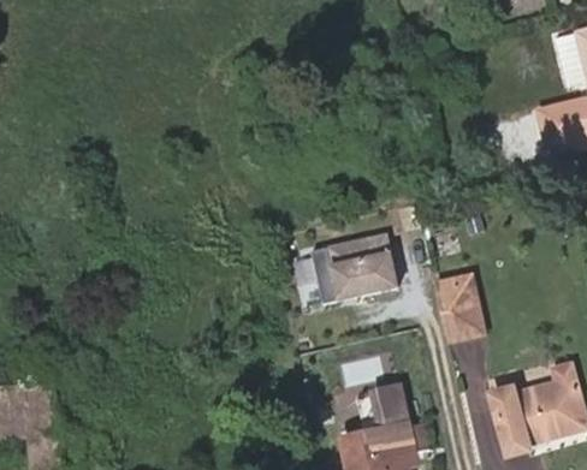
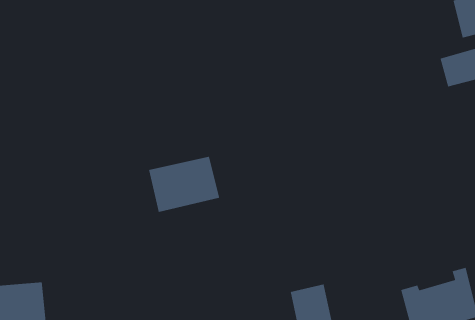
building: [308,234,396,304] -> [148,156,220,213]
building: [433,274,481,341] -> none

